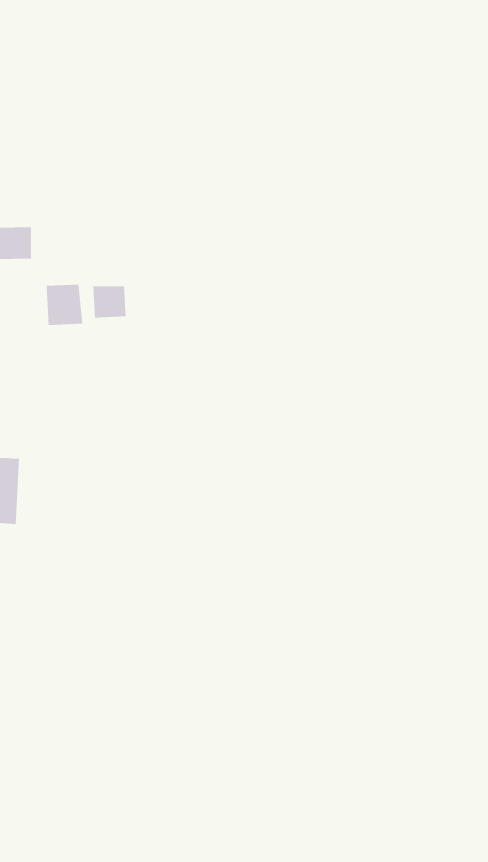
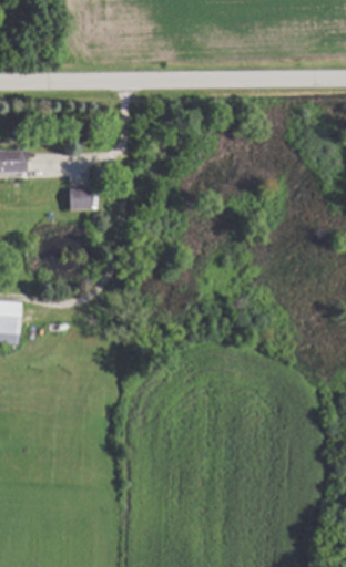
building: [46,284,83,326] -> none

